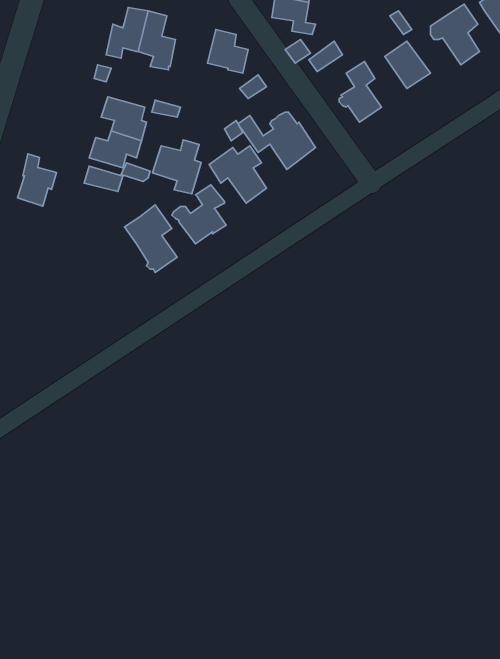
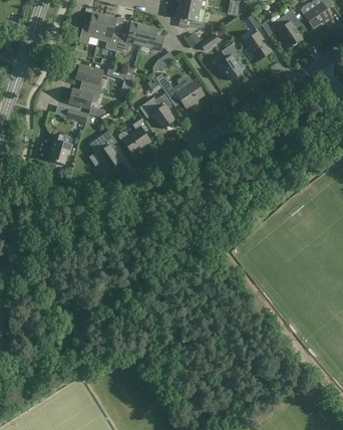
building: none -> [116,22,143,50]
building: [153,140,201,194] -> none
building: [18,154,57,206] -> [48,134,71,165]

